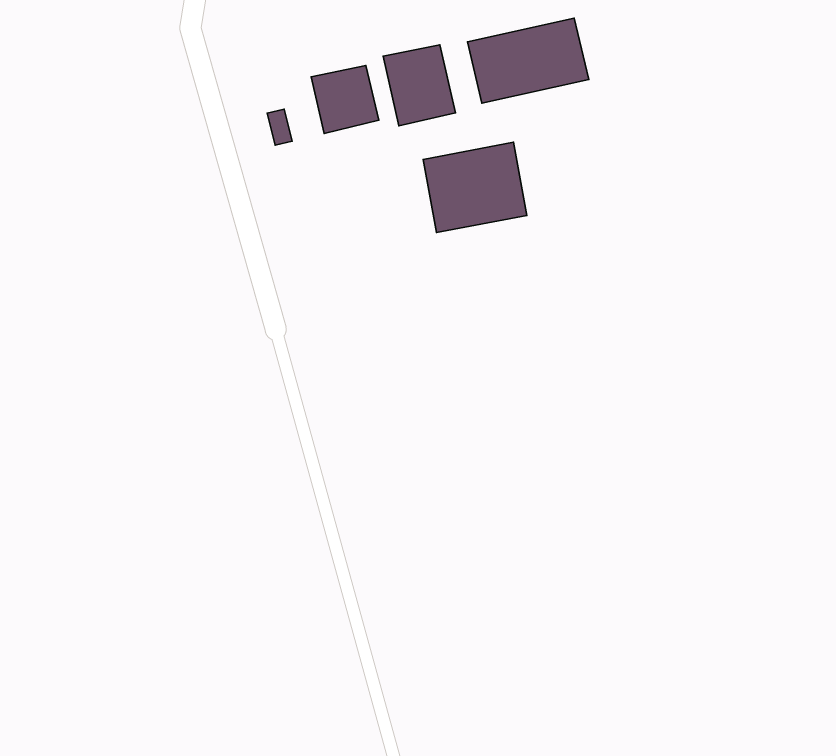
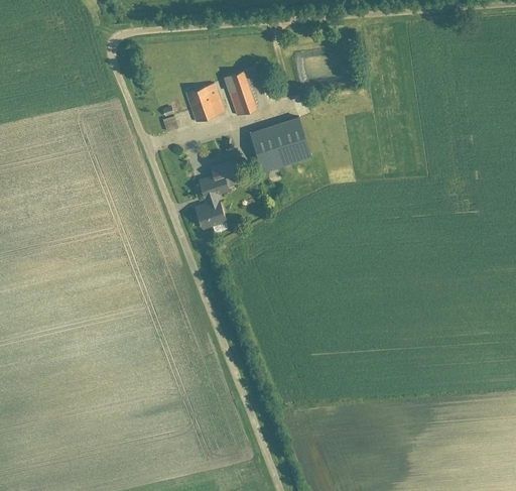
building: [468,18,589,103] -> none
building: none -> [194,160,243,233]

